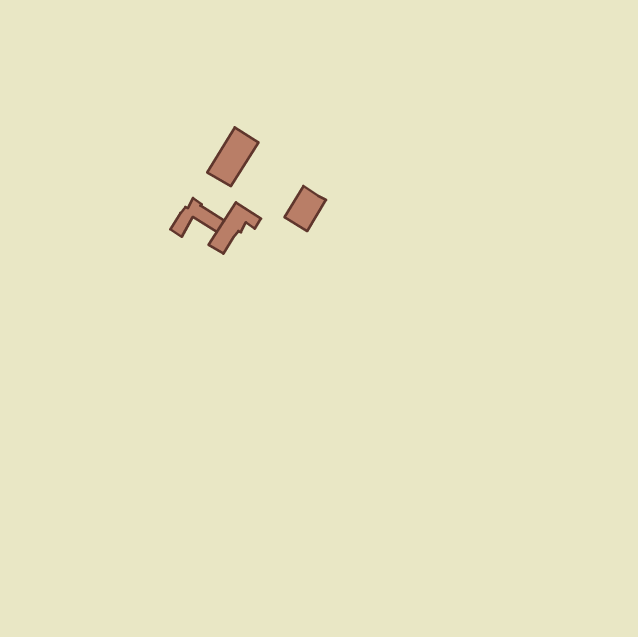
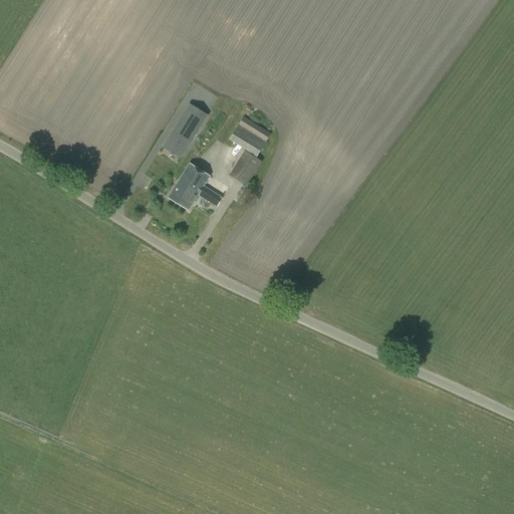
building: none -> [228,116,270,158]
building: [170,198,224,237] -> [180,179,223,210]

